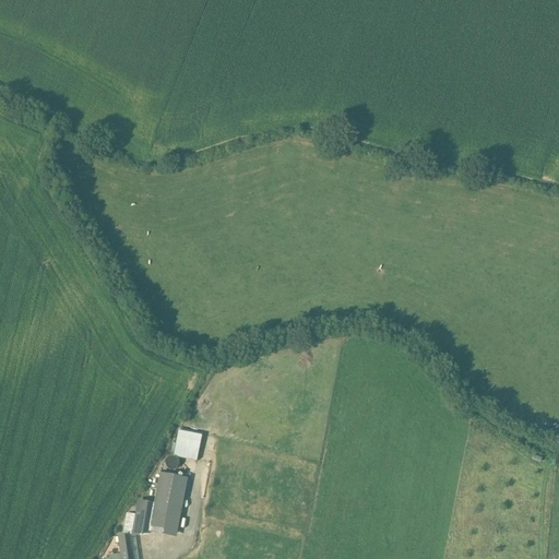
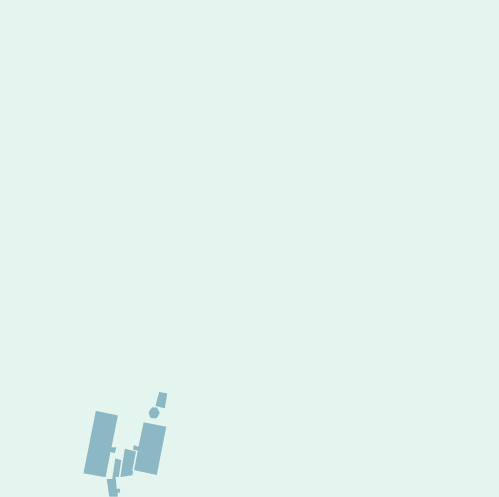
building: none -> [83,410,118,478]

